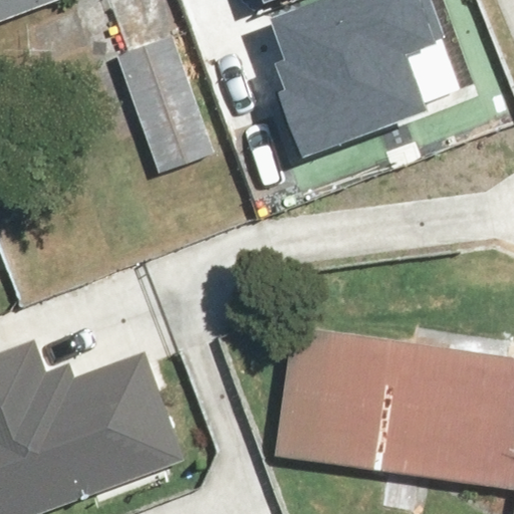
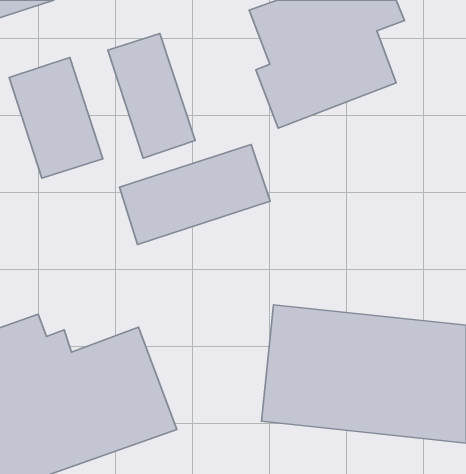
building: none -> [9,58,103,178]
building: none -> [120,145,270,244]

